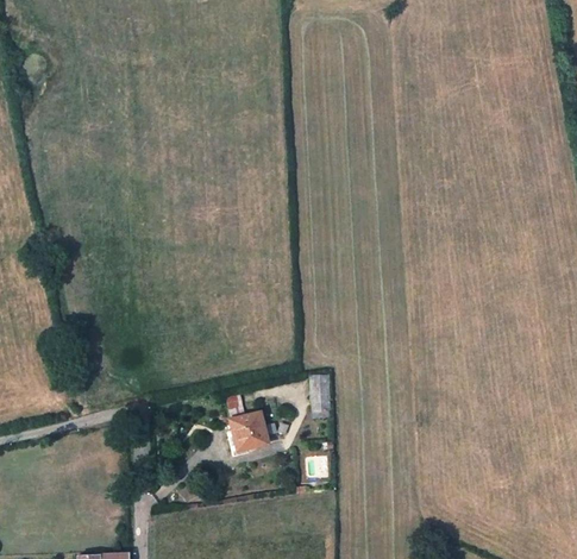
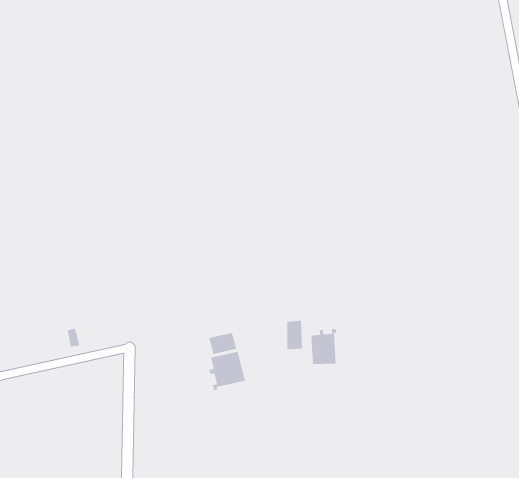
building: none -> [311,328,337,365]

